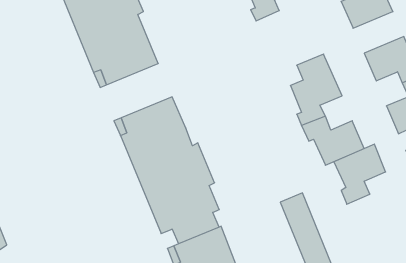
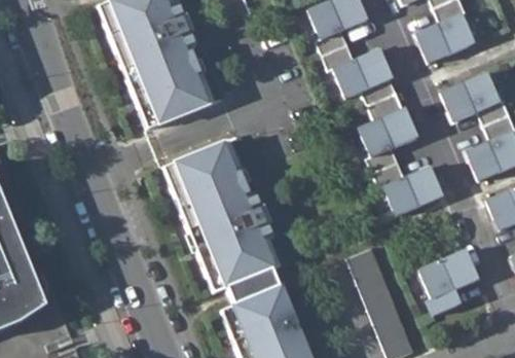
building: none -> [322,43,397,104]
building: [334,144,386,204] -> [420,248,478,315]

